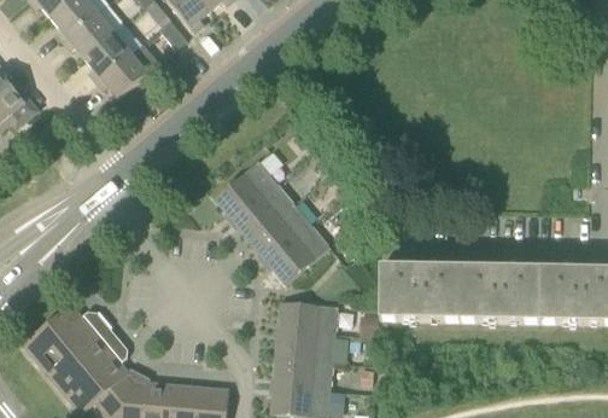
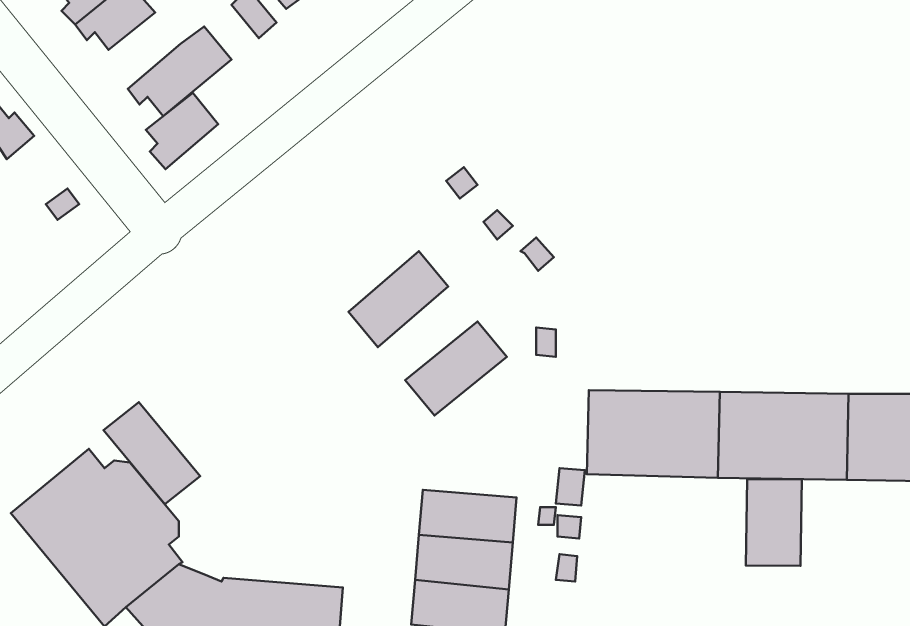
building: [83,33,128,80] -> [146,93,218,169]
building: [214,158,275,217] -> none
building: [250,202,311,260] -> none
building: none -> [104,402,200,504]
building: [277,300,338,332] -> none
building: none -> [746,479,802,566]

